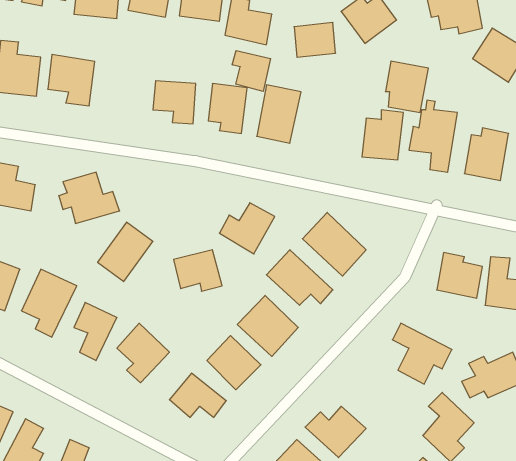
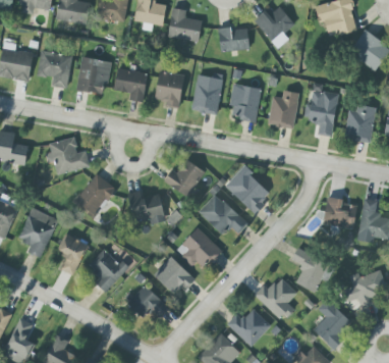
building: [232,51,271,91] -> none
building: [385,61,428,112] -> [229,84,261,121]
building: none -> [77,57,109,94]
building: none -> [254,277,296,320]

